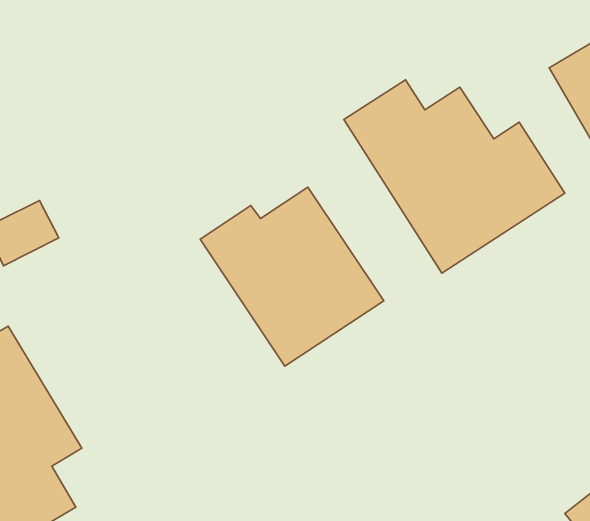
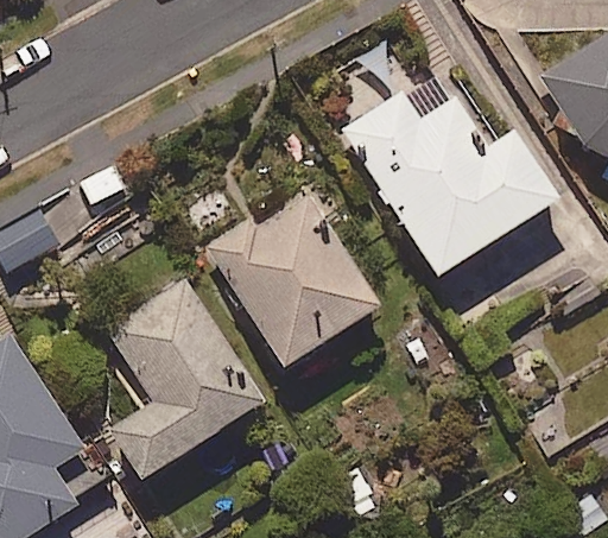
building: none -> [106,276,264,479]

